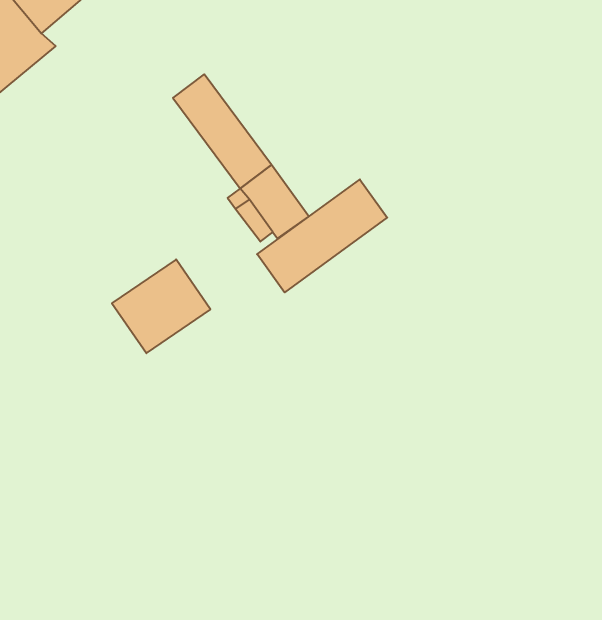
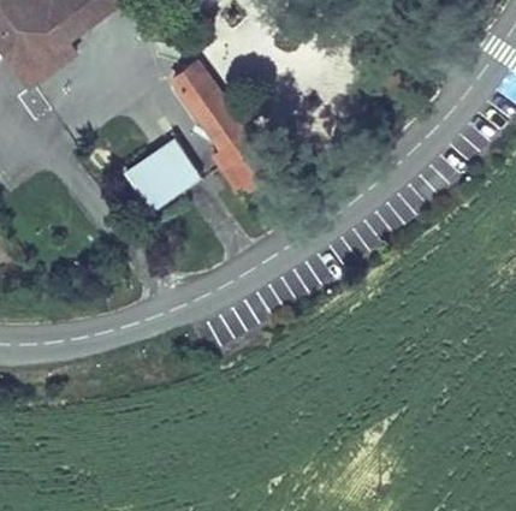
building: [257,179,387,292] -> none
building: [112,259,210,353] -> [121,136,197,208]

